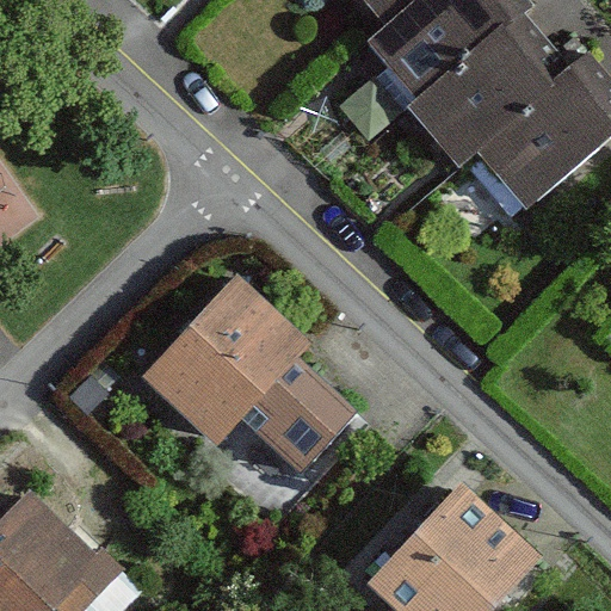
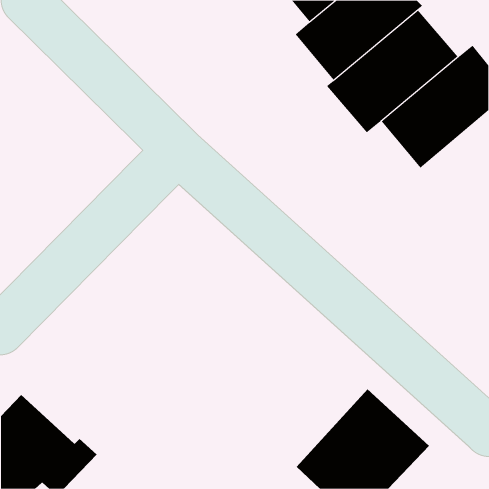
building: [146,276,354,471] -> none

